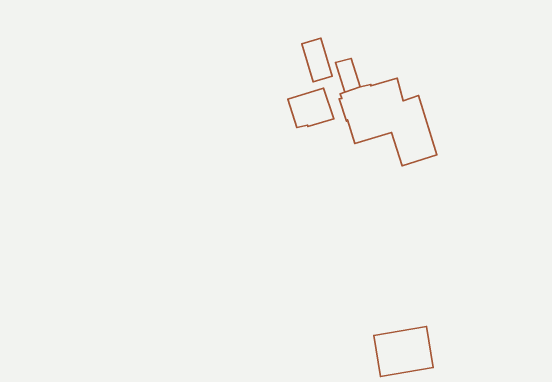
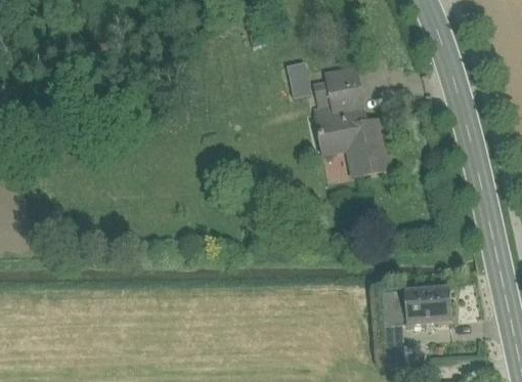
building: [288,88,334,127] -> [327,75,363,105]
building: [374,327,433,376] -> [404,286,451,324]

